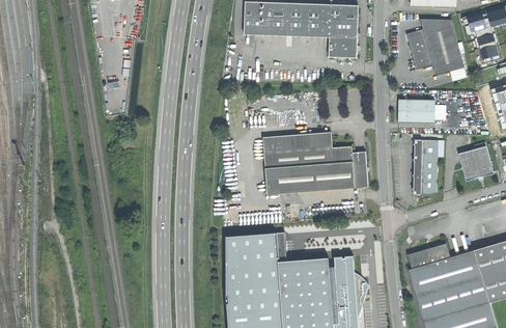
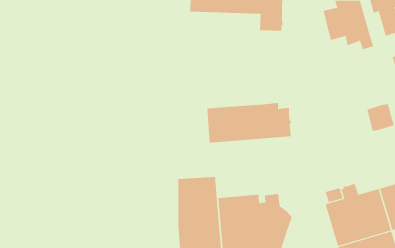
building: [397,100,434,124] -> none
building: [262,132,332,152] -> none
building: [413,139,438,194] -> none

